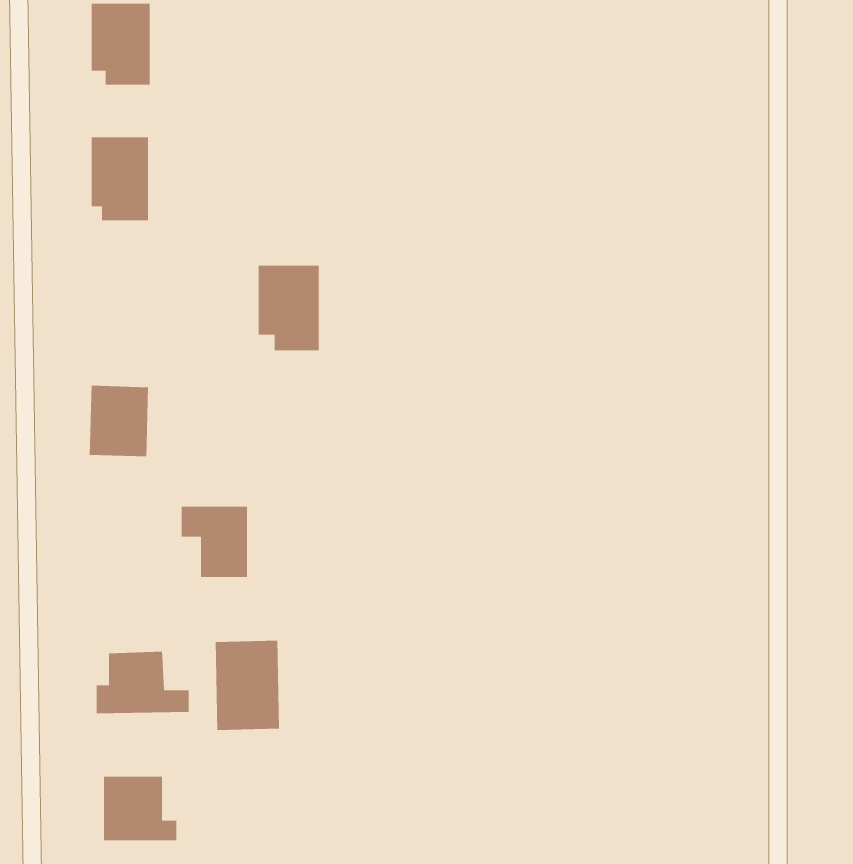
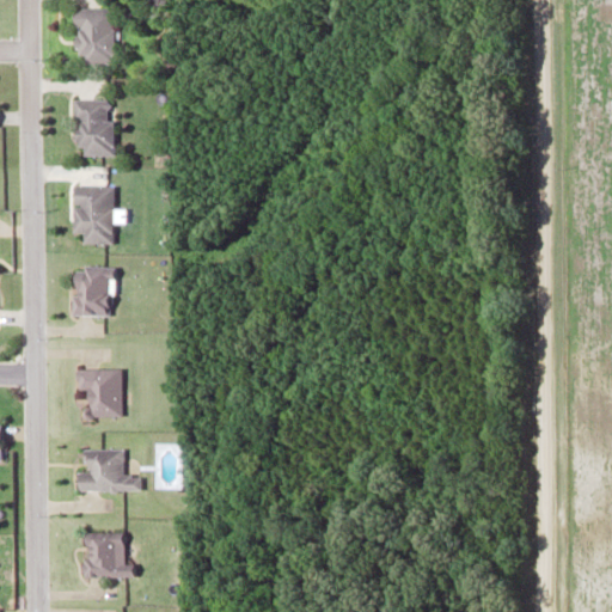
building: [258,265,319,351] -> [72,185,114,244]
building: [181,506,248,578] -> [76,368,122,417]
building: [215,640,280,731] -> none

